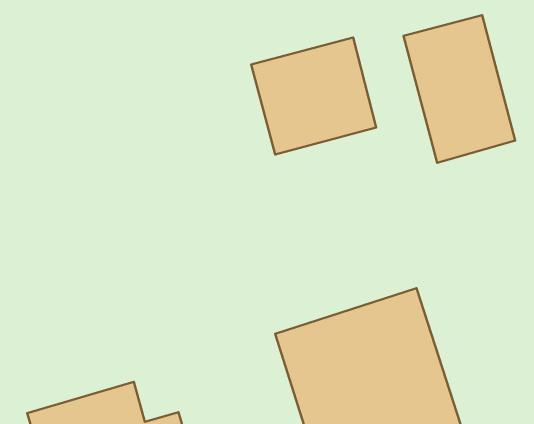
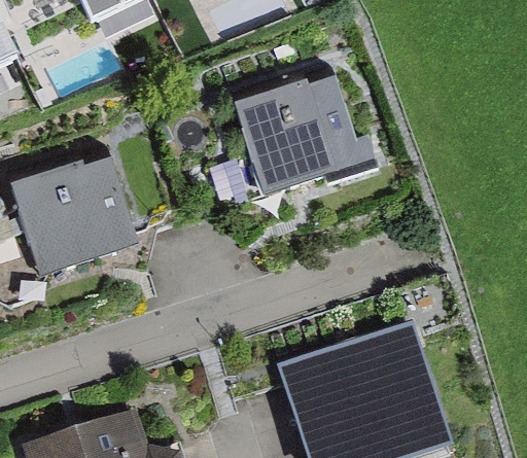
building: [403,15,515,163] -> none
building: none -> [14,157,146,281]

